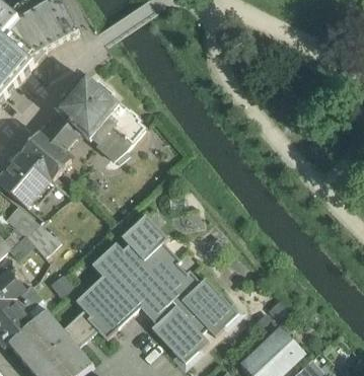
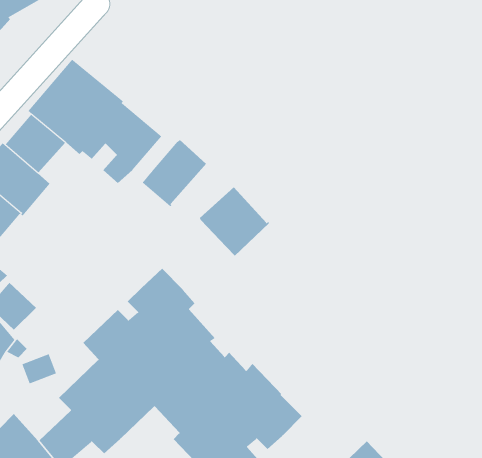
building: none -> [142,139,207,207]
building: none -> [199,186,270,256]

